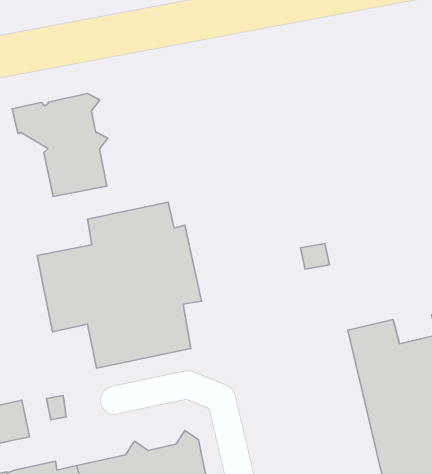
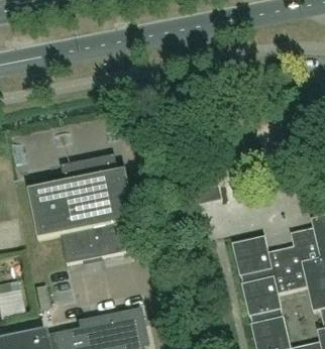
building: [12,94,108,197] -> none

